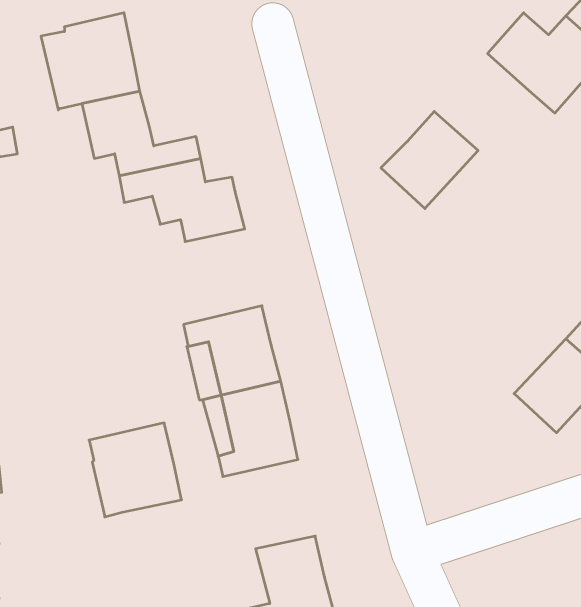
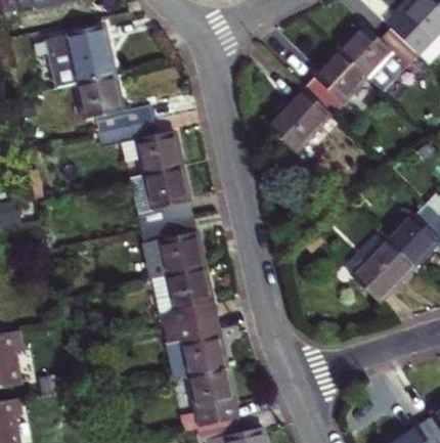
building: none -> [305,52,368,116]
building: none -> [129,167,192,229]
building: [89,423,182,517] -> [167,317,227,379]

